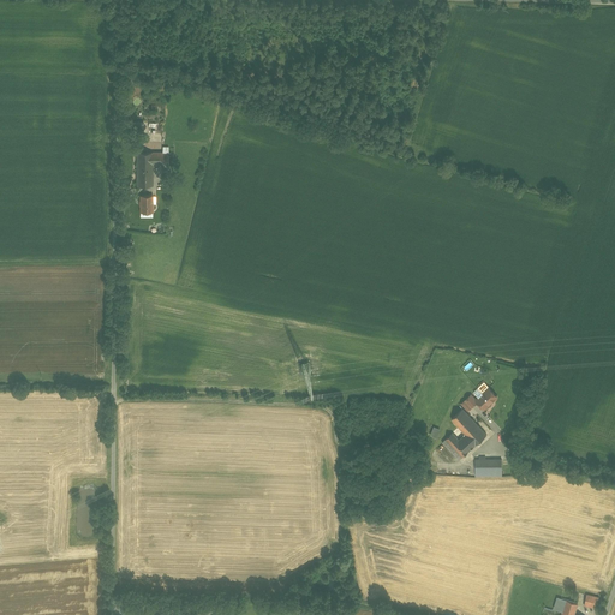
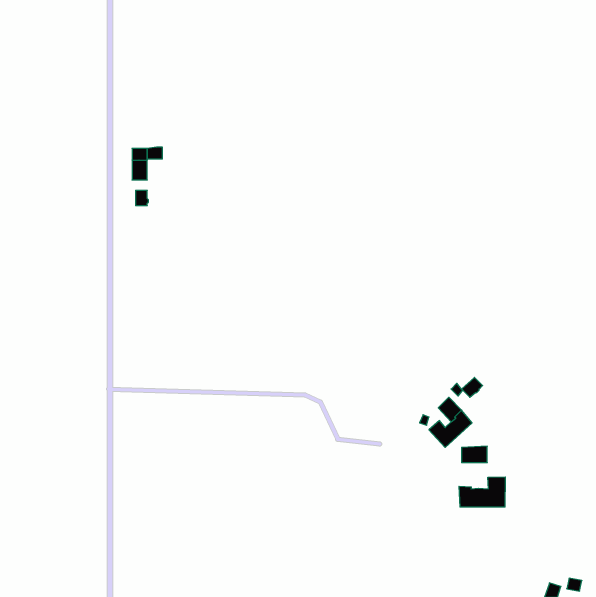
building: none -> [459,477,505,507]

